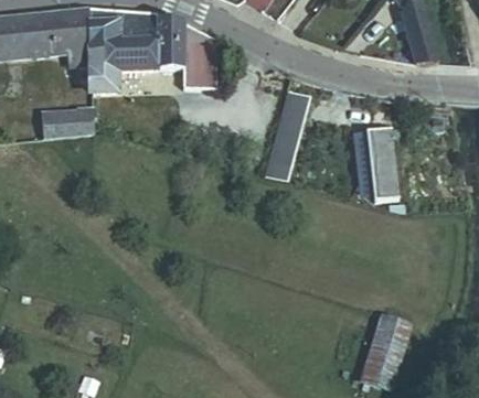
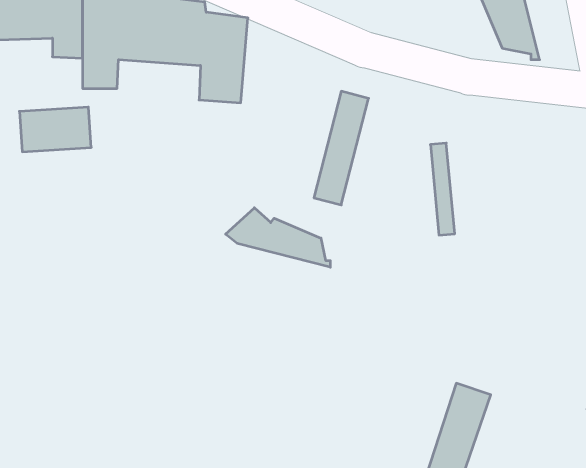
building: [369,127,400,201] -> none
building: none -> [226,208,330,267]

